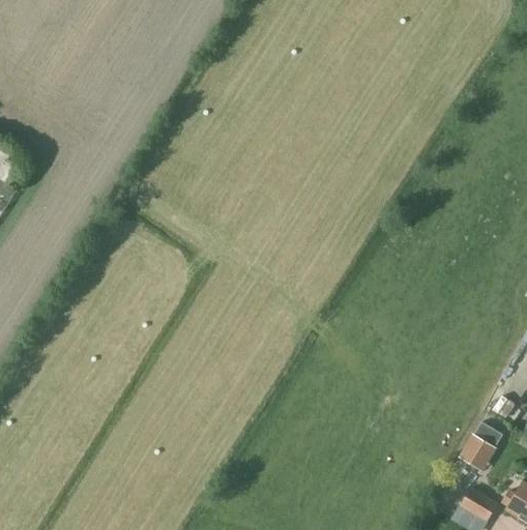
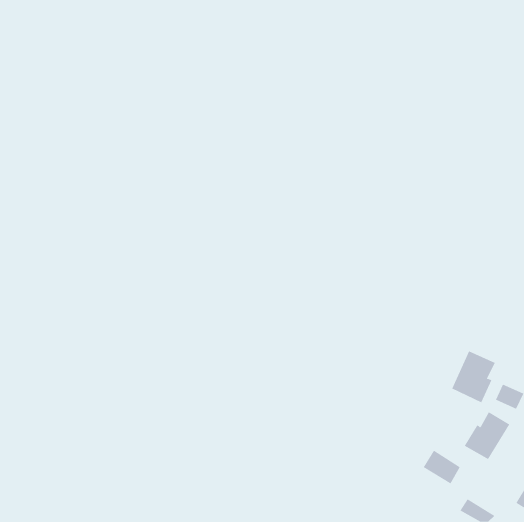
building: none -> [452,350,495,403]
building: [461,489,497,522] -> [423,450,460,484]

